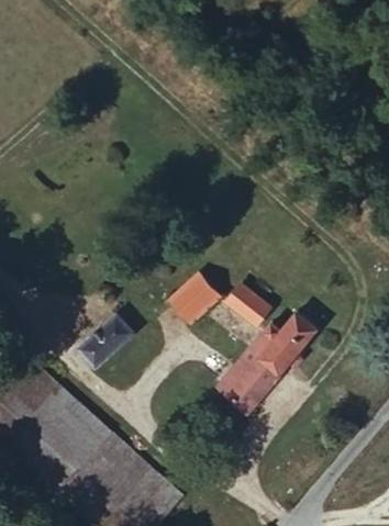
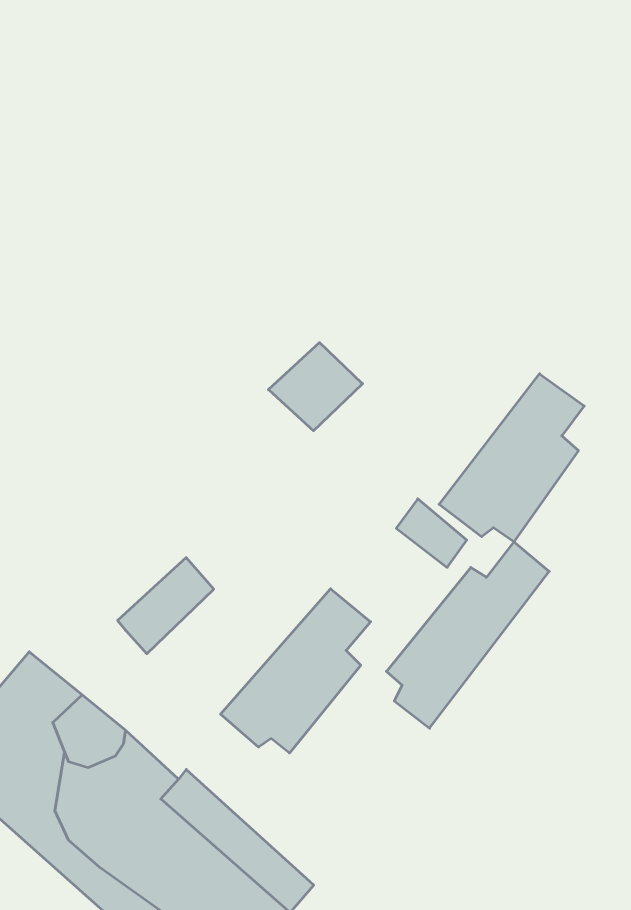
building: none -> [439,374,584,542]
building: [167,273,220,323] -> [268,343,363,431]
building: none -> [221,589,371,753]

